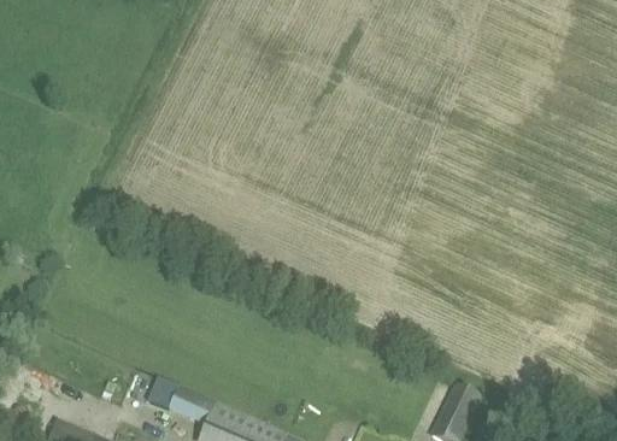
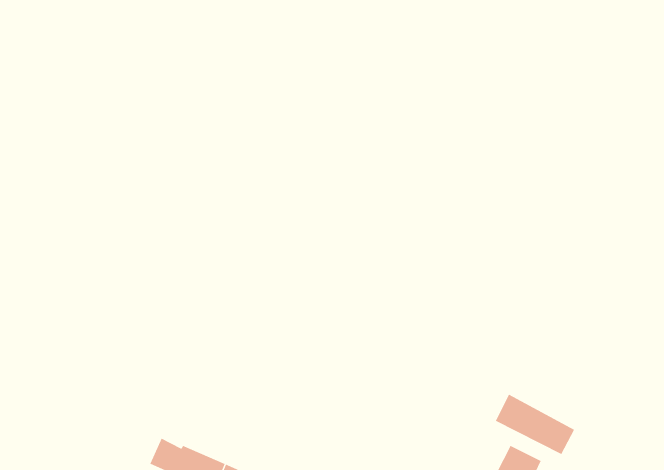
building: none -> [495,394,575,455]

